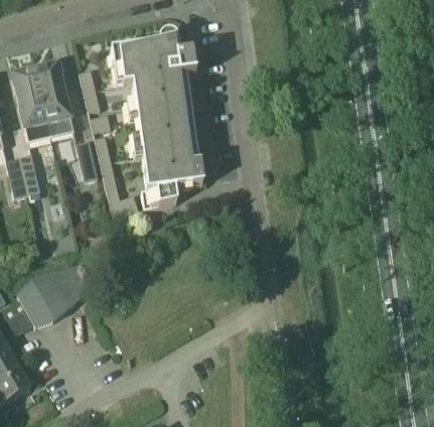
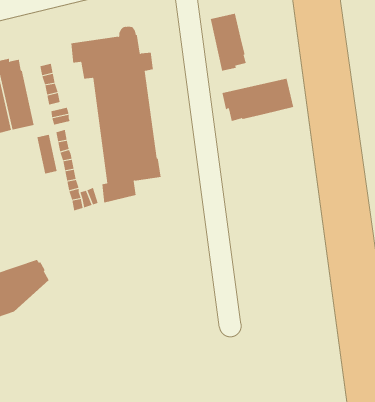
building: none -> [210,13,247,72]
building: none -> [222,78,294,122]

